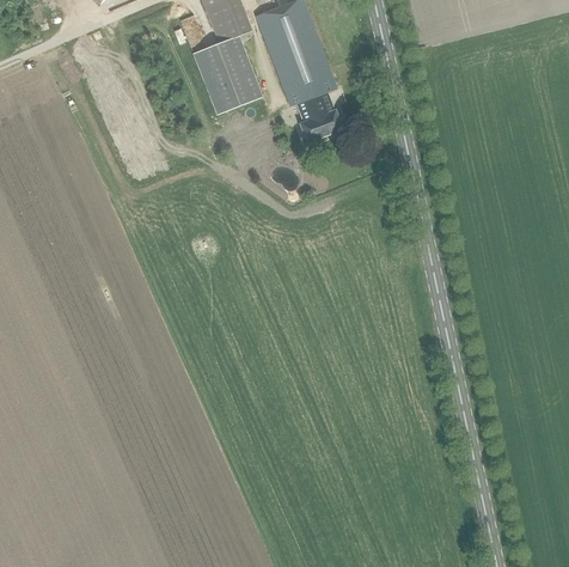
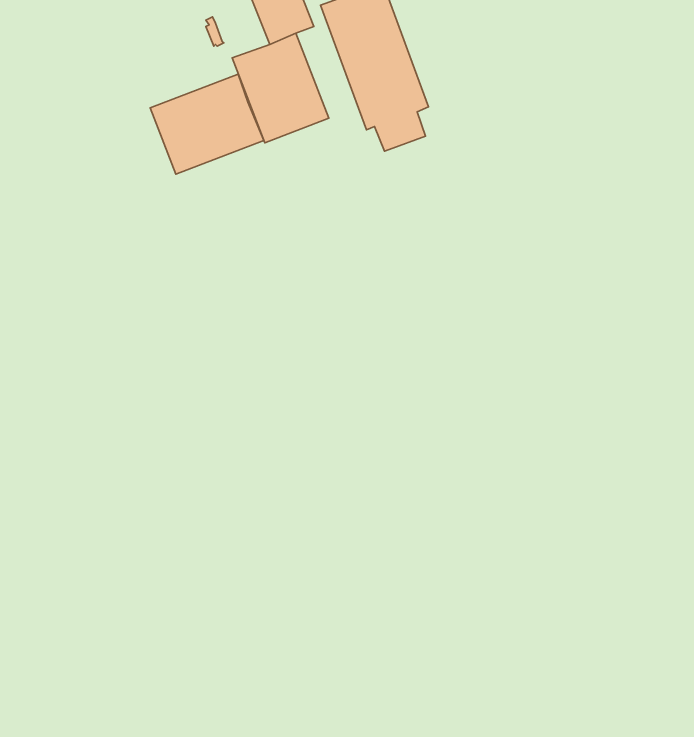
building: none -> [150,74,264,174]
building: [298,109,341,141] -> none

